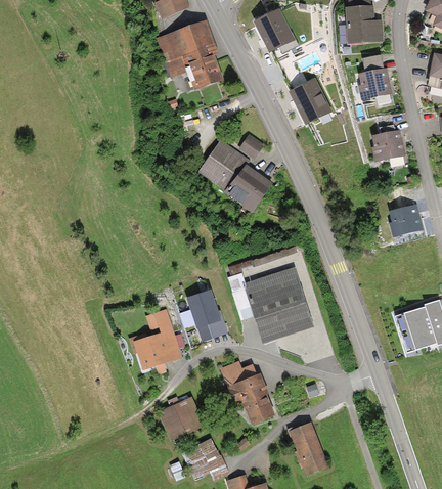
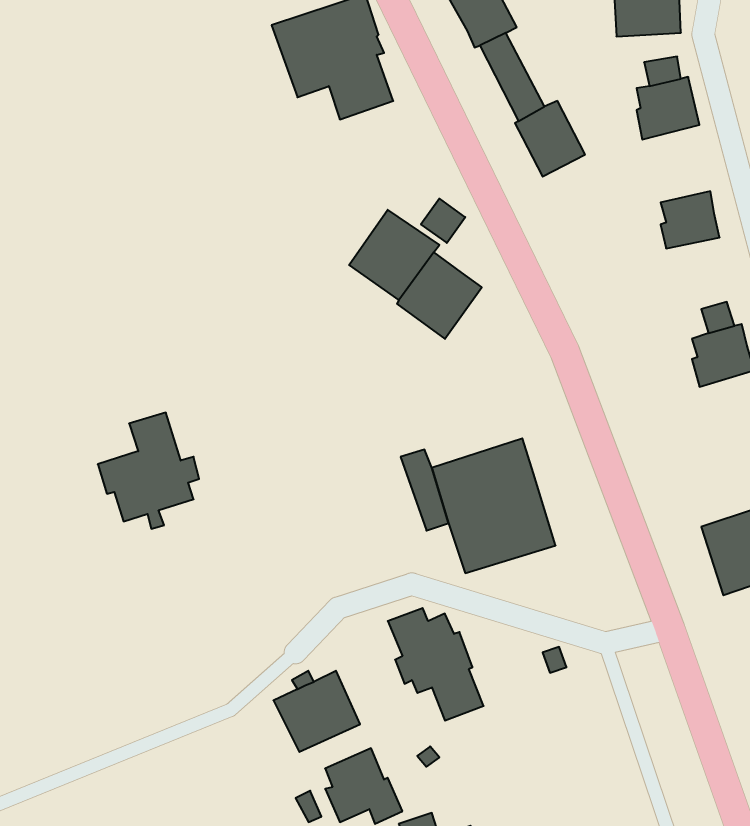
building: [185,290,227,341] -> none
building: [128,309,184,373] -> [98,413,199,529]
building: [289,423,328,476] -> none

